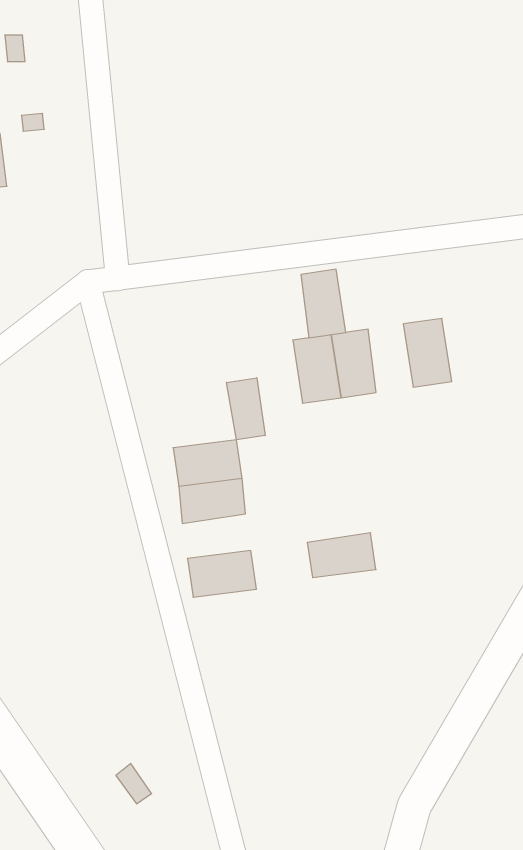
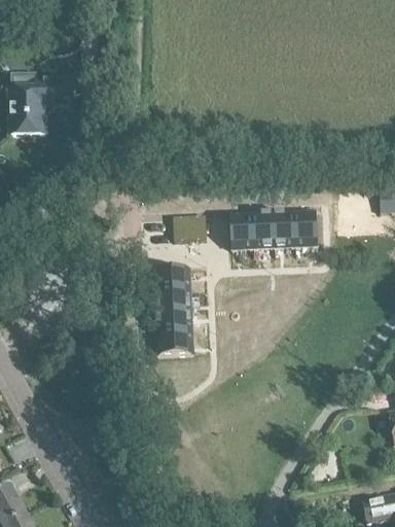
building: [301,269,346,338] -> [274,210,296,248]
building: [227,378,265,440] -> none
building: [307,533,376,578] -> [155,311,193,333]

